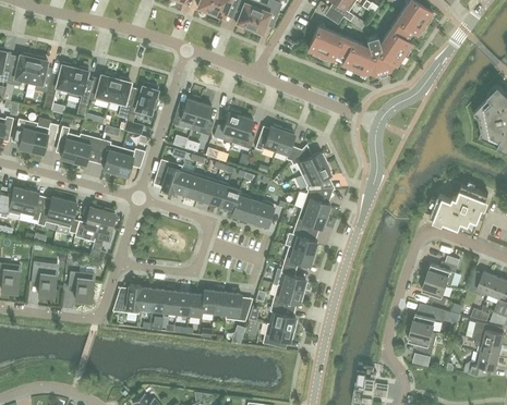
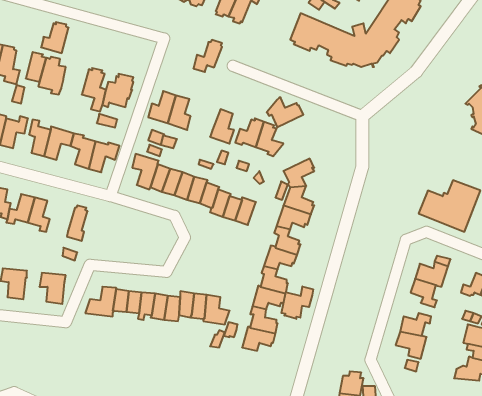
building: [89,73,116,102] -> [41,22,69,53]
building: [214,110,241,140] -> [193,40,222,72]
building: [291,147,326,175] -> [267,97,303,127]
building: [75,205,102,235] -> none
building: none -> [281,286,313,319]

